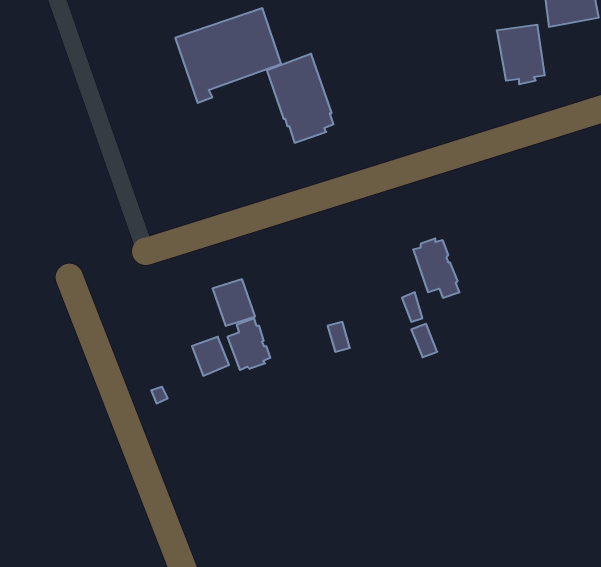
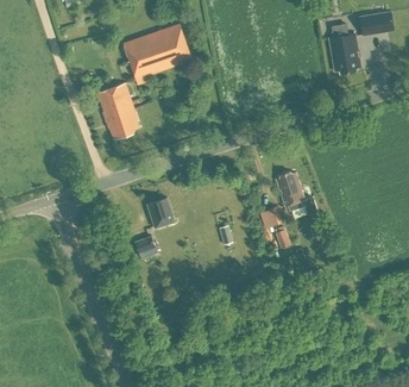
building: [267,54,334,143] -> [95,82,138,139]
building: [228,318,270,370] -> none

